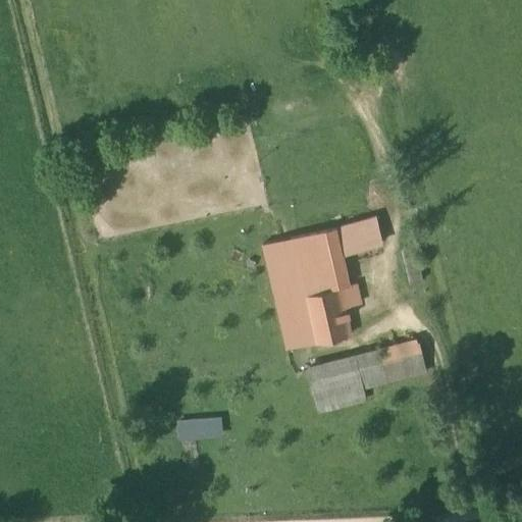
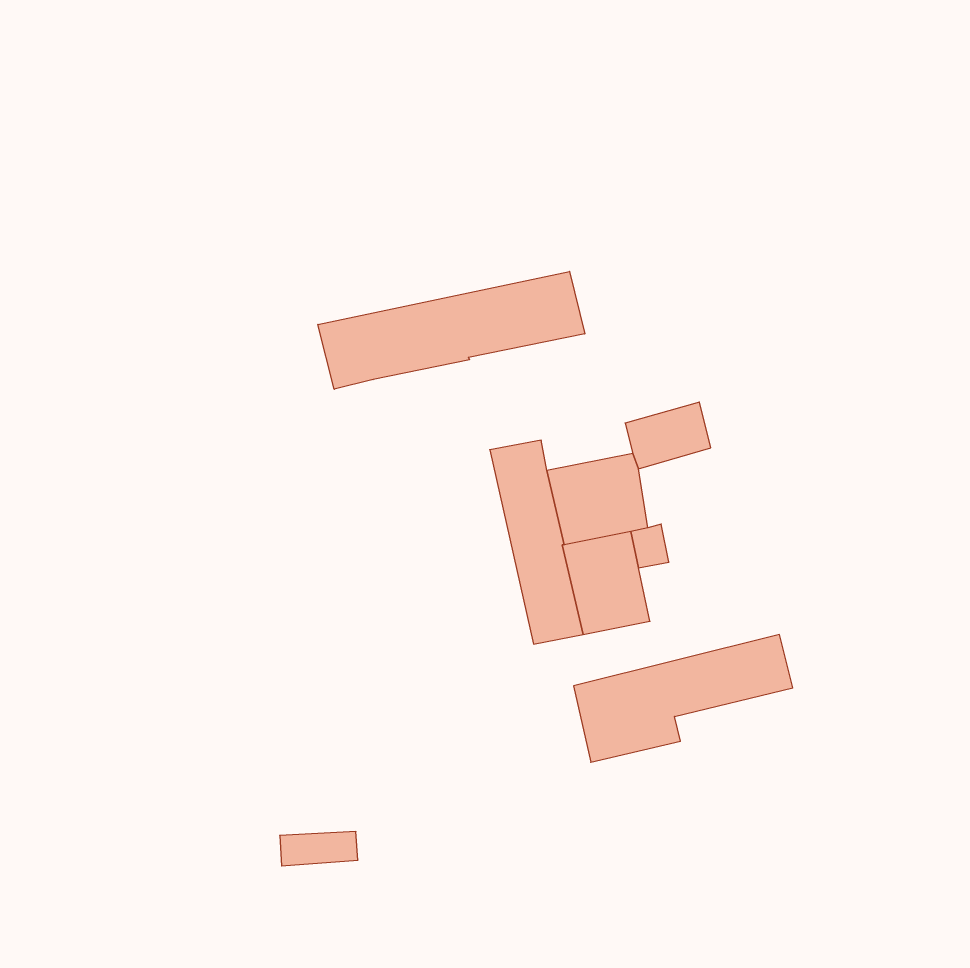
building: none -> [318,271,585,389]
building: [292,229,341,255] -> none
building: [179,419,221,437] -> [280,832,358,866]

